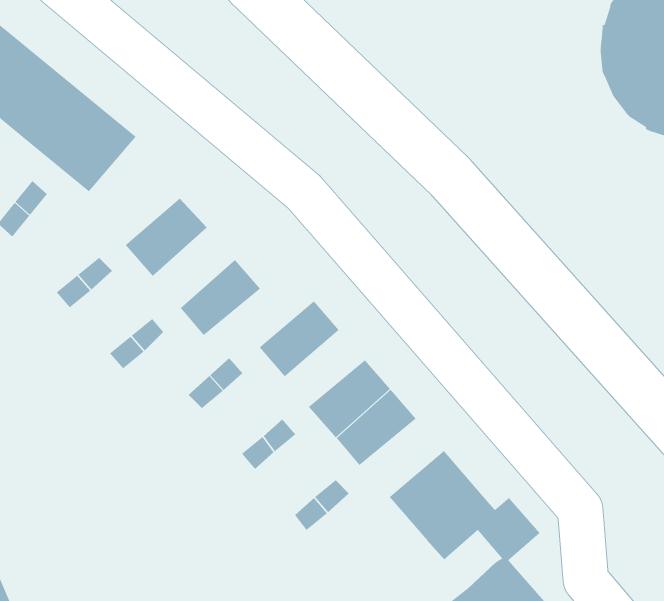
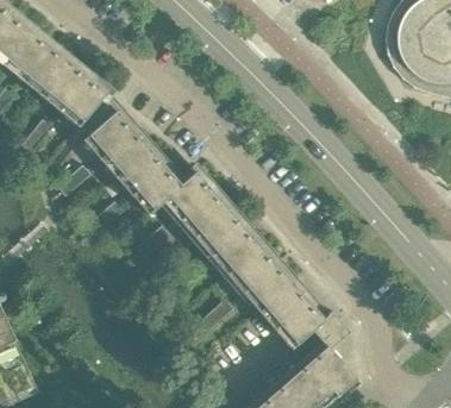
building: none -> [84,108,133,156]
building: none -> [117,145,167,194]
building: none -> [148,169,214,218]
building: none -> [196,207,245,253]
building: none -> [242,261,293,308]

